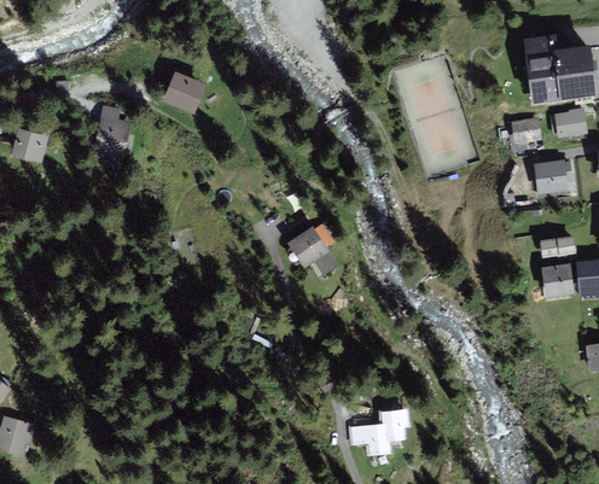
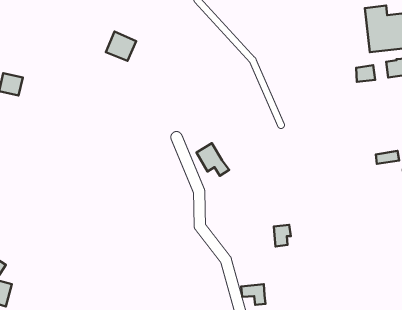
building: [94,107,133,159] -> none
building: [535,161,571,192] -> none
building: [543,267,572,295] -> none
building: [383,409,407,439] -> [274,225,291,247]

